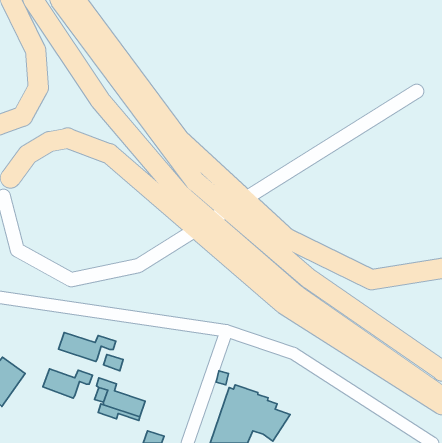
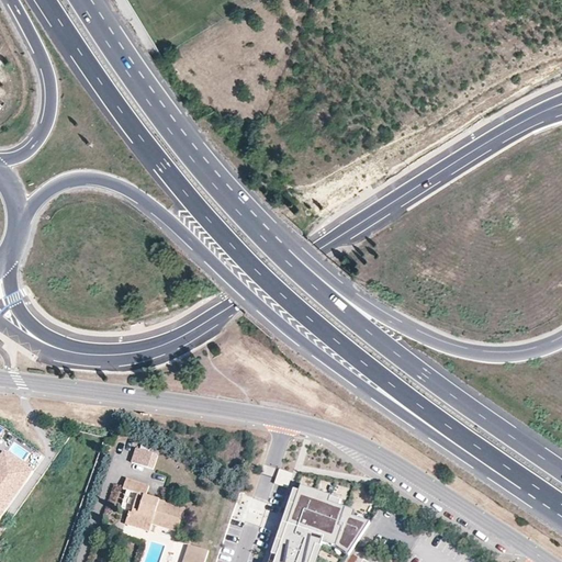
building: [59,333,116,361] -> none
building: [43,369,93,398] -> none

